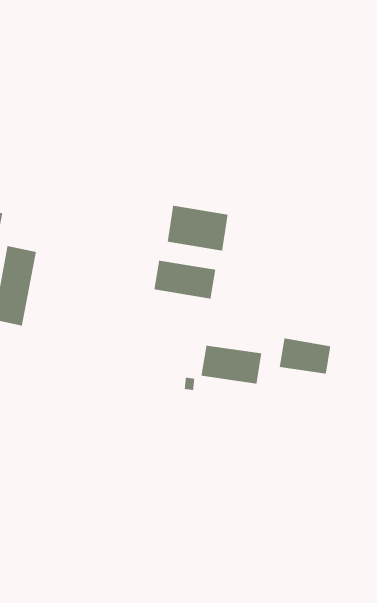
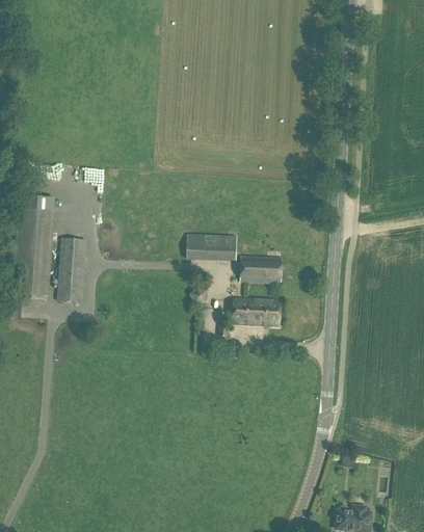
building: [167,205,228,251] -> none
building: [279,337,331,375] -> [240,257,281,283]

